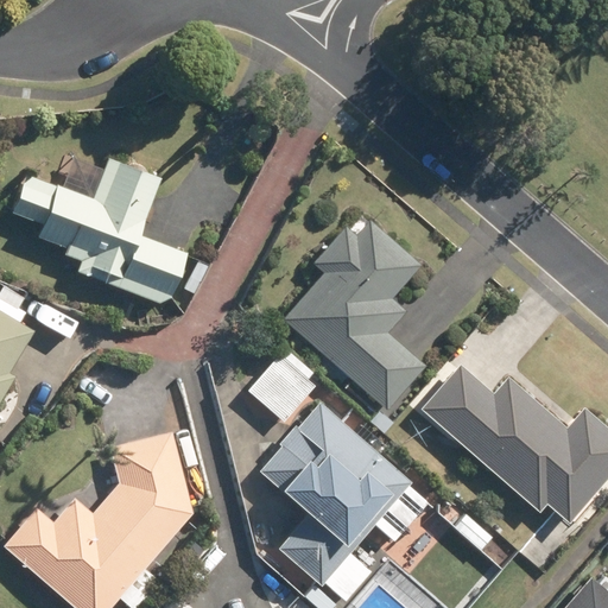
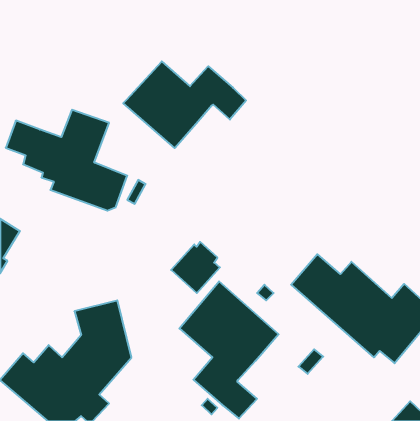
building: none -> [123,61,246,148]
building: [285,221,428,410] -> none

